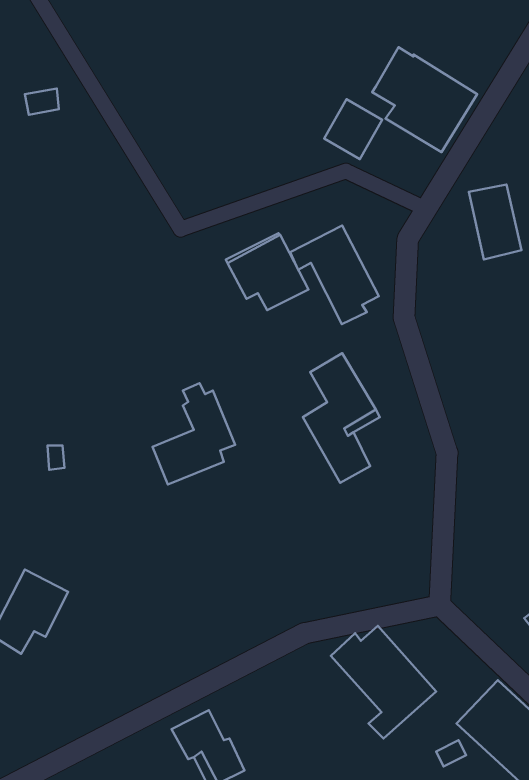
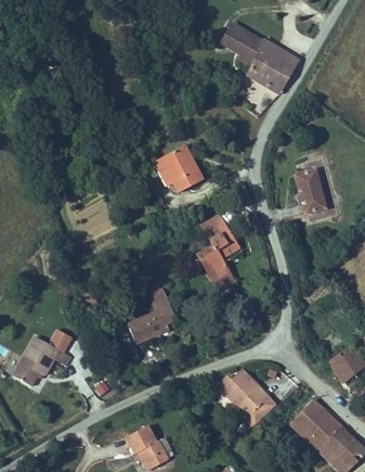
building: [324,99,382,159] -> [221,23,255,58]
building: [469,184,521,260] -> [295,170,325,214]
building: [290,225,379,324] -> none
building: [153,383,235,484] -> [129,282,177,341]

